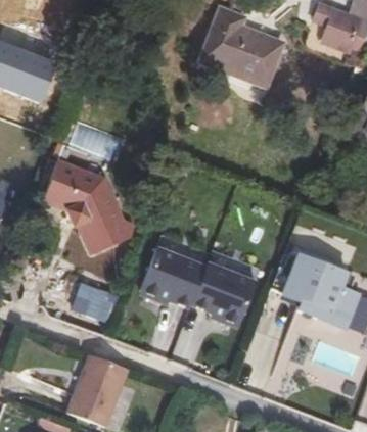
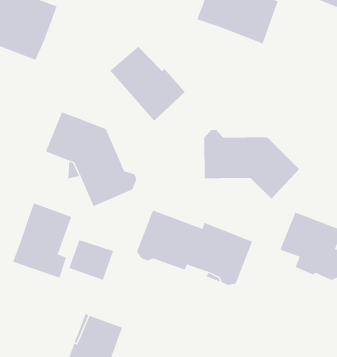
building: none -> [110,46,185,122]
building: none -> [204,129,300,199]
building: none -> [13,203,72,278]

